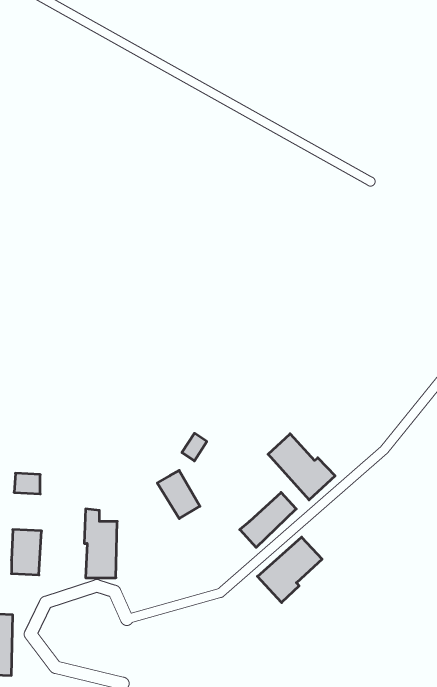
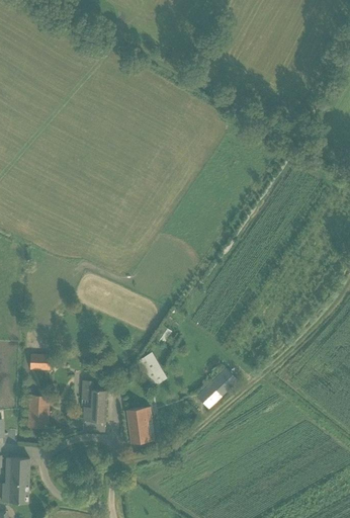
building: [268,434,335,500] -> none
building: [257,537,322,603] -> none
building: none -> [126,406,153,442]

